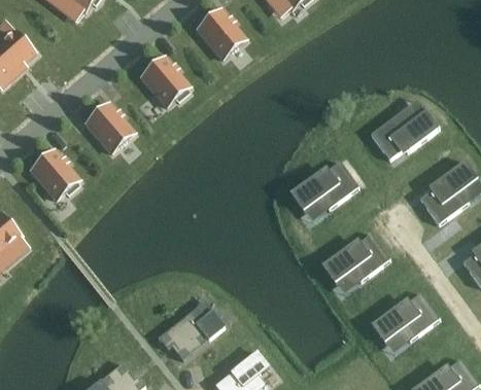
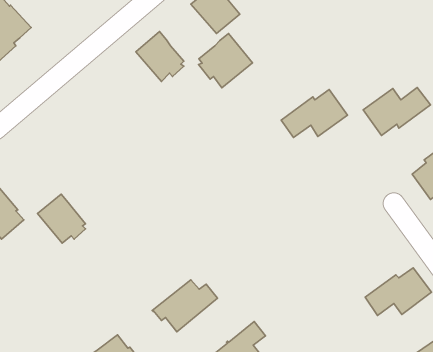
building: none -> [199,33,252,88]
building: [84,102,134,152] -> none
building: [30,149,78,199] -> [38,194,85,243]
building: [290,163,357,211] -> [281,90,347,137]
building: [321,235,389,283] -> none

